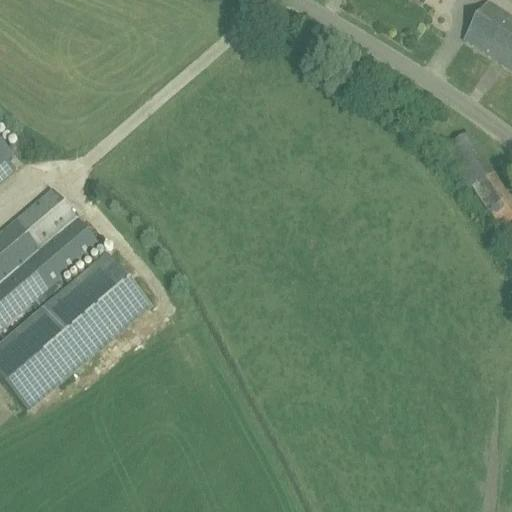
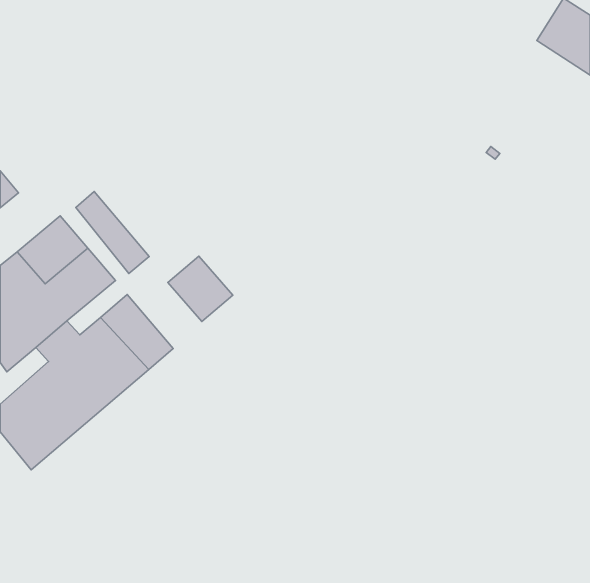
building: none -> [76,192,149,274]
building: none -> [168,256,233,321]

